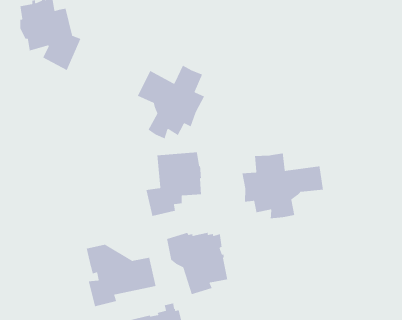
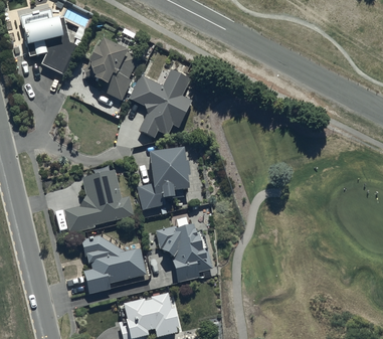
building: none -> [85,38,139,99]
building: [242,153,324,219] -> none
building: none -> [64,168,133,231]

